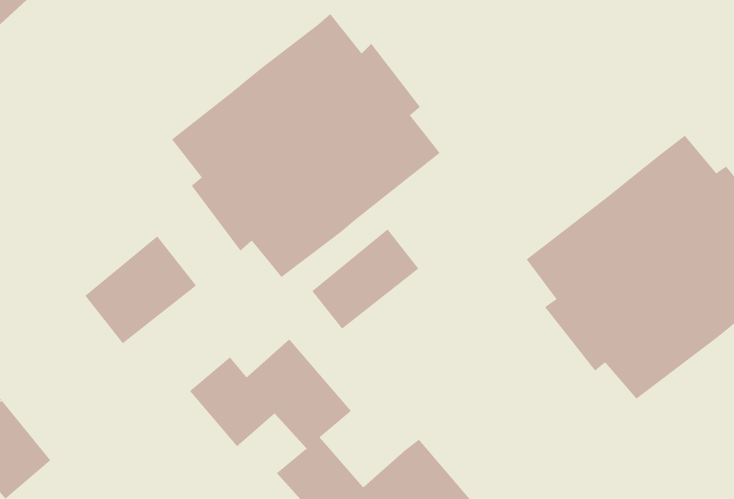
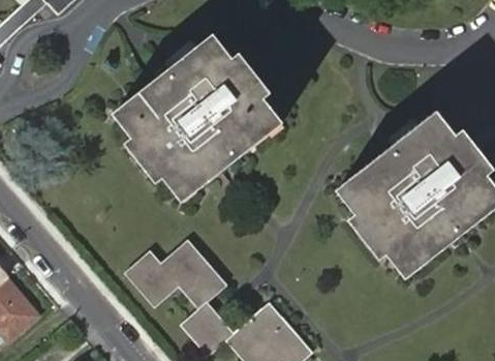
building: [312,229,419,329] -> none
building: [85,235,197,344] -> none

